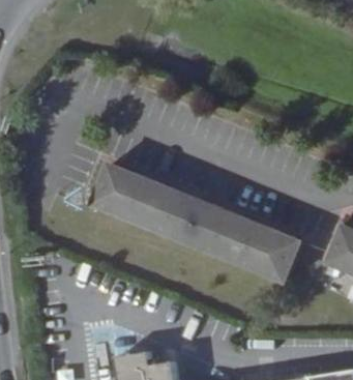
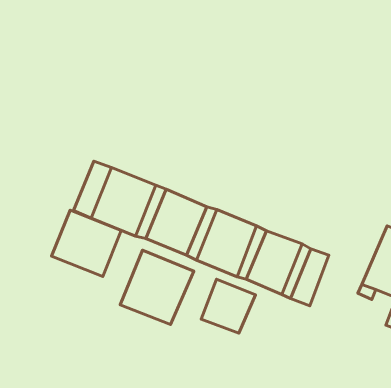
building: none -> [52,210,121,277]
building: none -> [120,250,194,325]
building: none -> [201,279,255,333]

